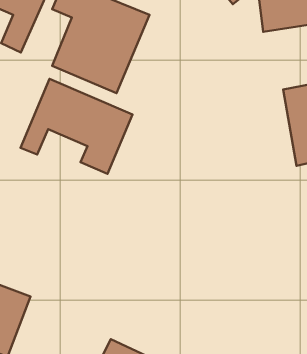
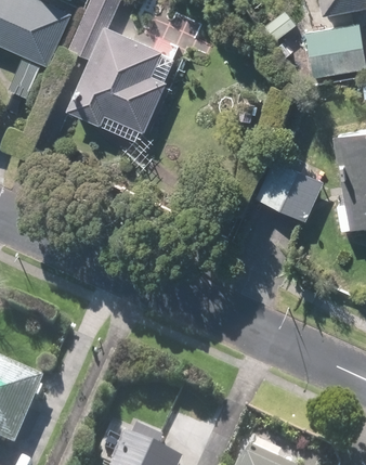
building: [20,79,133,174] -> none
building: none -> [250,156,322,221]

